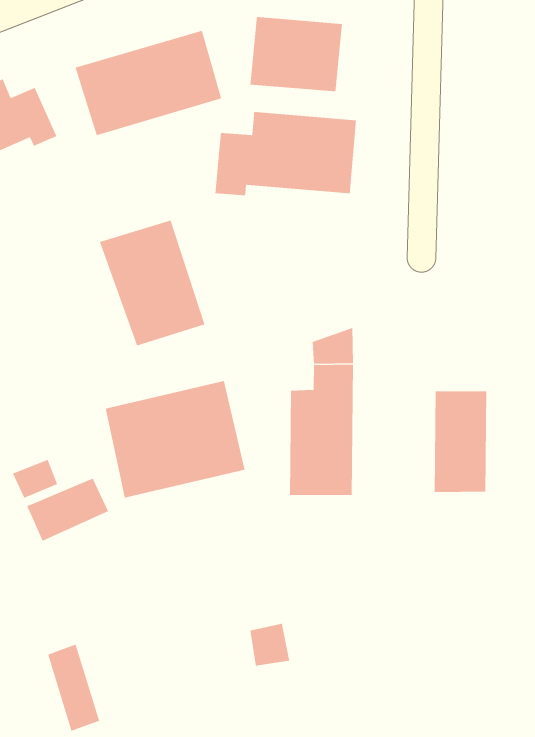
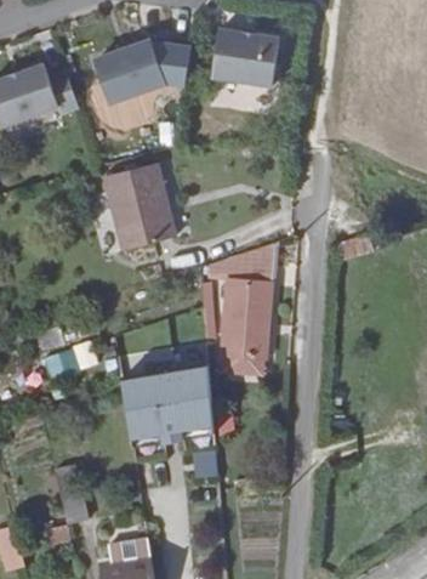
building: [214,111,357,196] -> none
building: [105,380,246,498] -> [120,367,215,444]
building: [434,390,487,493] -> none

